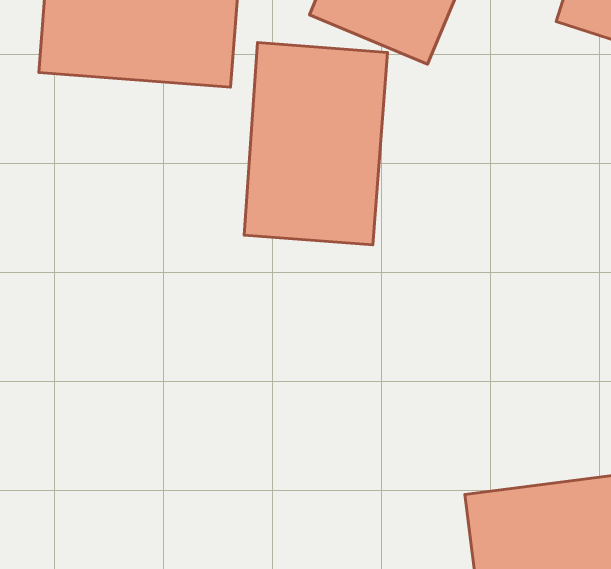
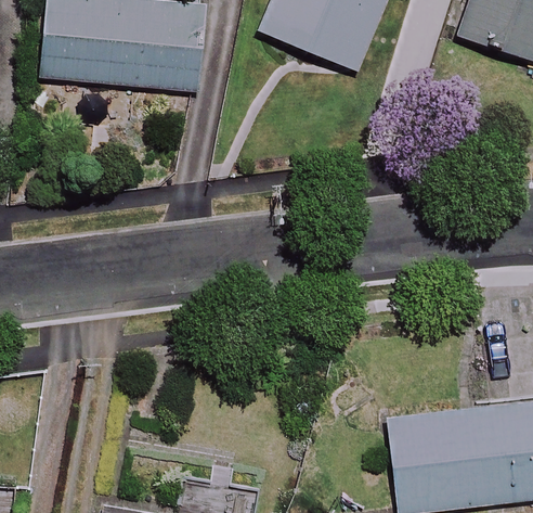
building: [244,42,388,245] -> none

